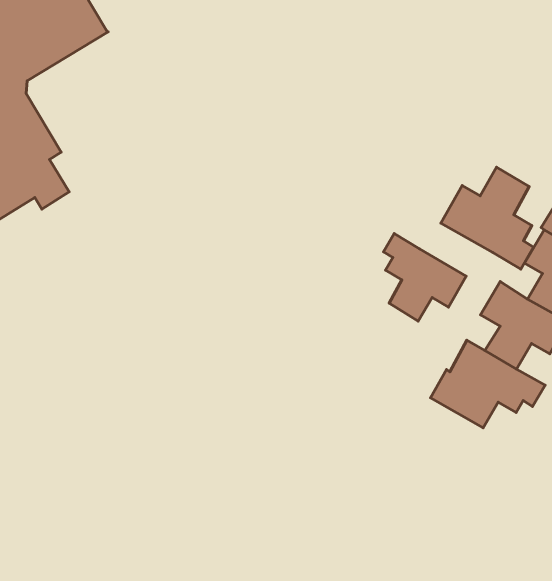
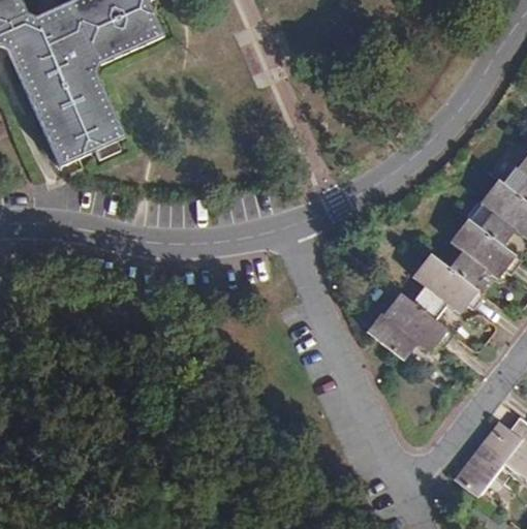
building: [441,167,534,269] -> none
building: [384,233,466,321] -> none

